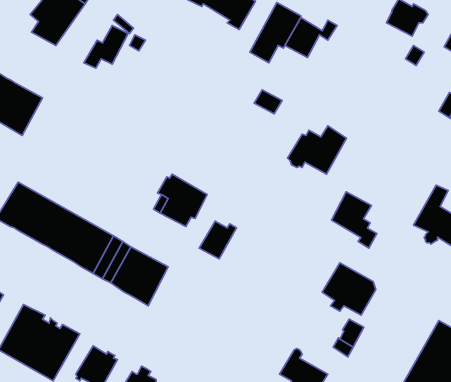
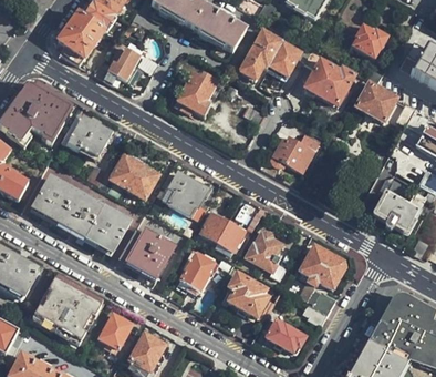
building: none -> [304,48,355,105]
building: none -> [178,71,225,115]
building: none -> [356,81,397,120]
building: none -> [68,114,111,160]
building: none -> [110,154,158,198]
building: [331,192,377,248] -> [248,232,286,278]
building: none -> [216,215,246,251]
building: none -> [176,249,218,294]
building: none -> [220,272,269,317]

